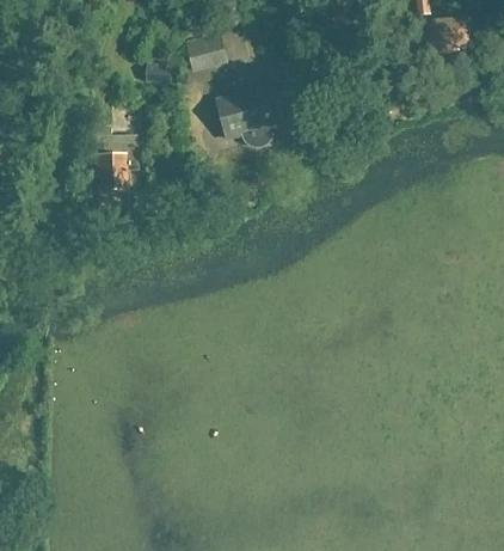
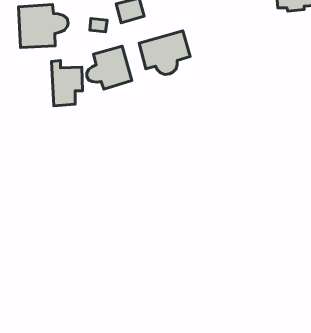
building: none -> [18,4,68,48]
building: none -> [87,46,132,89]

